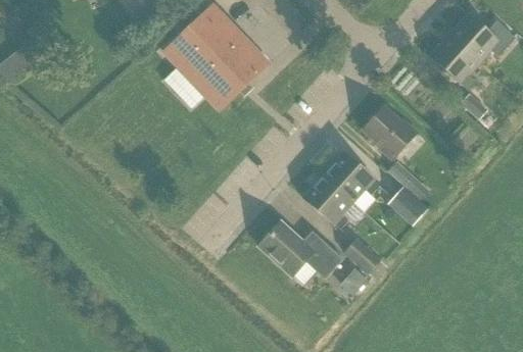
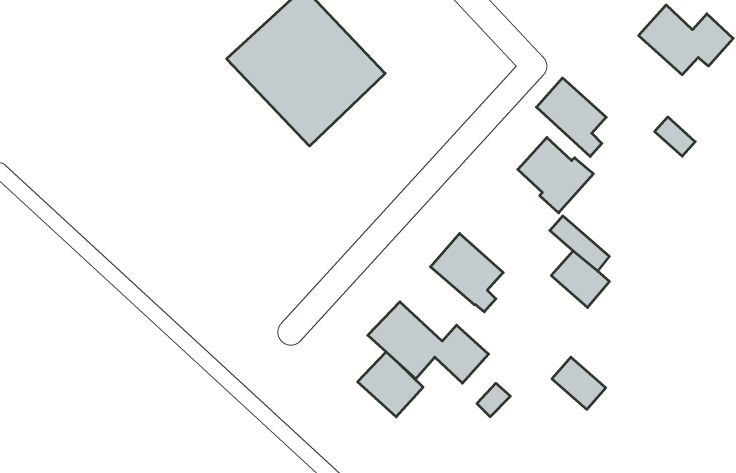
building: [430,35,479,90] -> [536,78,606,157]
building: [323,151,379,201] -> none
building: [343,238,381,274] -> [552,357,606,409]
building: none -> [358,352,423,417]

